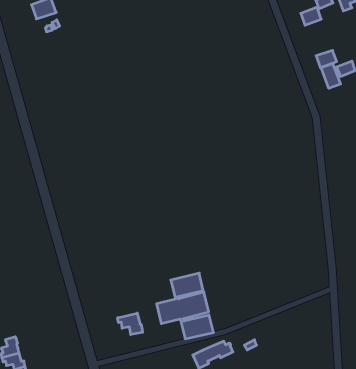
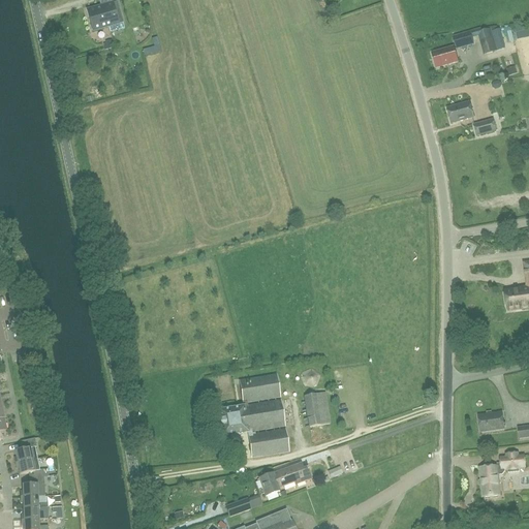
building: [321,63,341,88] -> none
building: none -> [304,391,331,426]
building: [118,313,143,335] -> none

